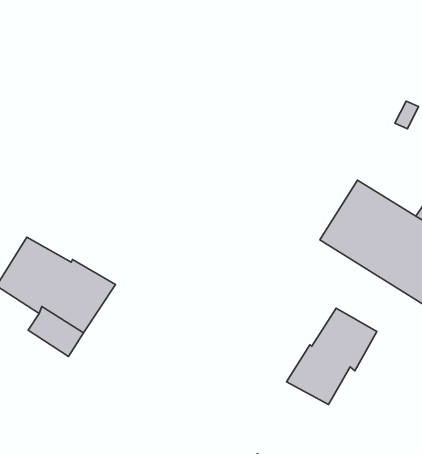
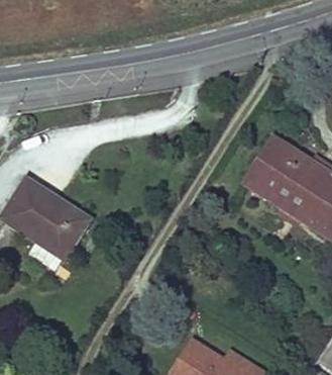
building: [287,308,377,405] -> none

